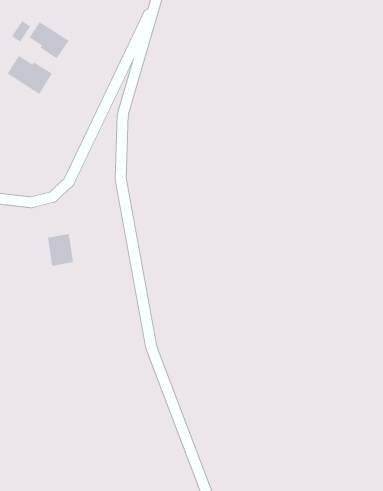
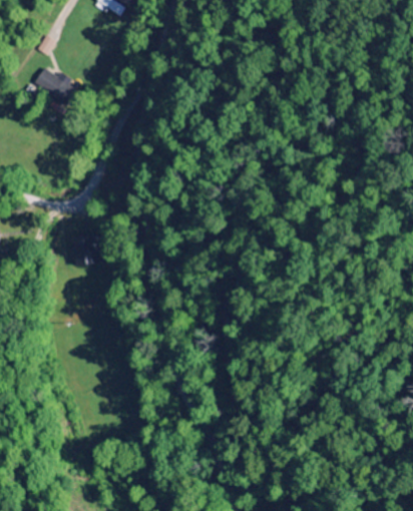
building: [29,21,69,59] -> none

